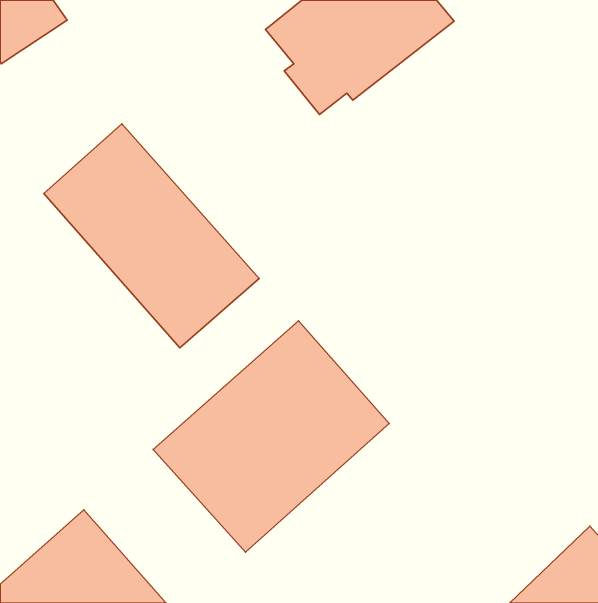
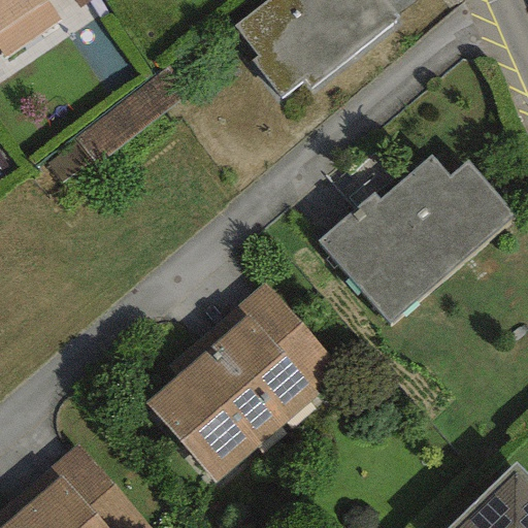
building: [44,124,259,348] -> none
building: none -> [320,156,516,323]

